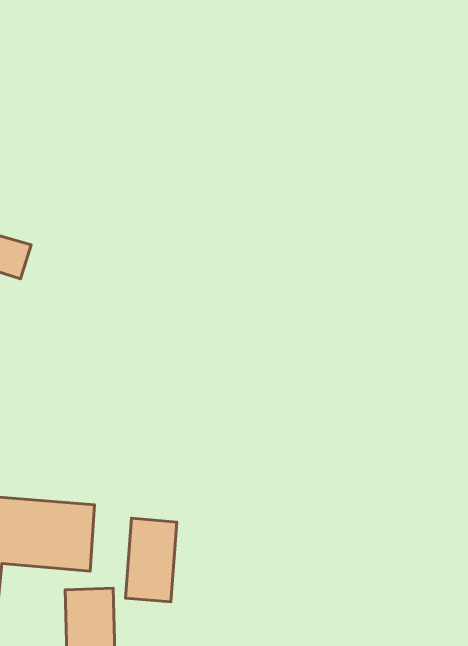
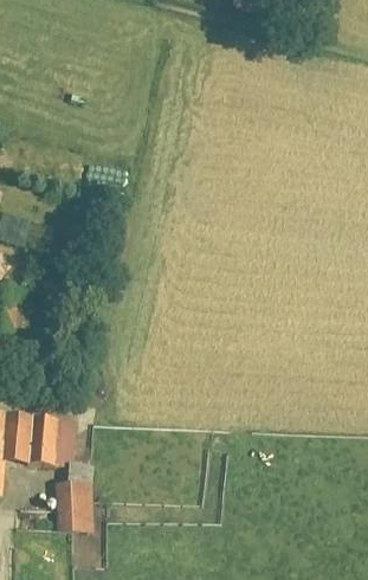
building: [126,518,177,602] -> none

